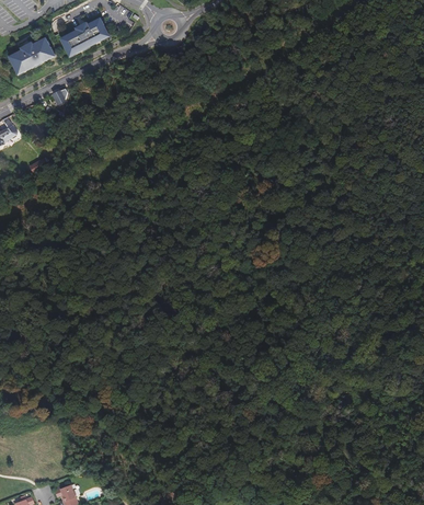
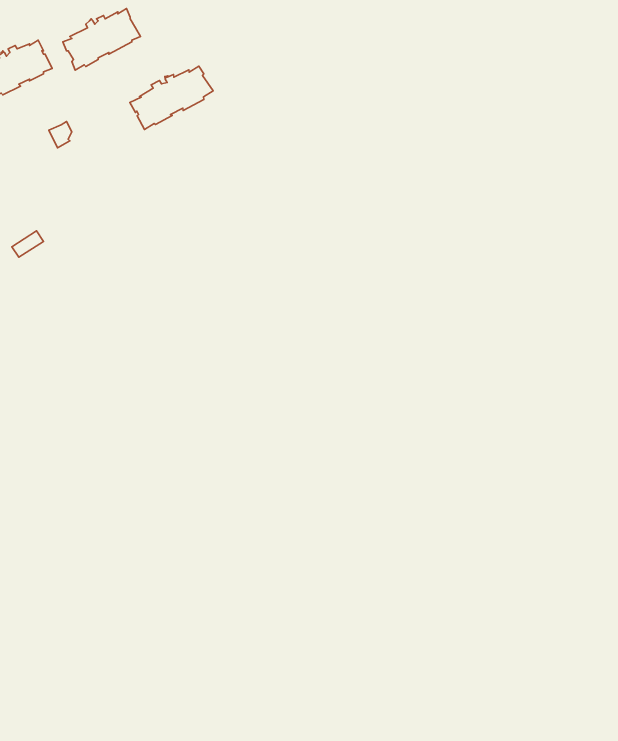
building: none -> [130,66,213,130]

